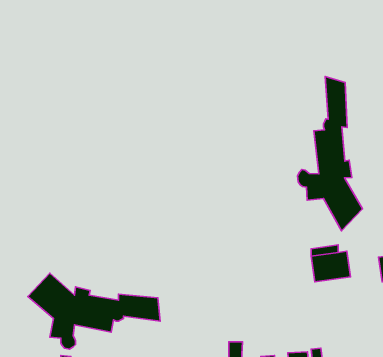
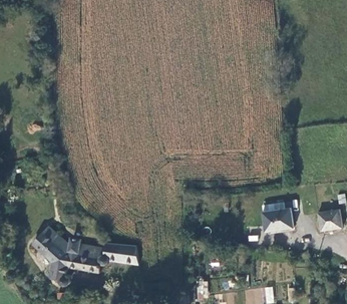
building: [297,76,363,231] -> none

